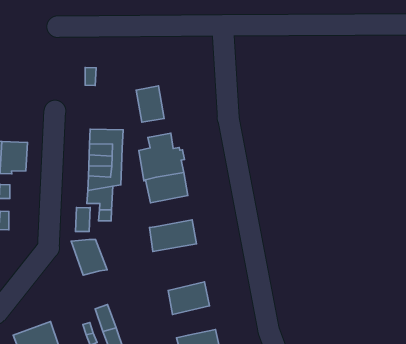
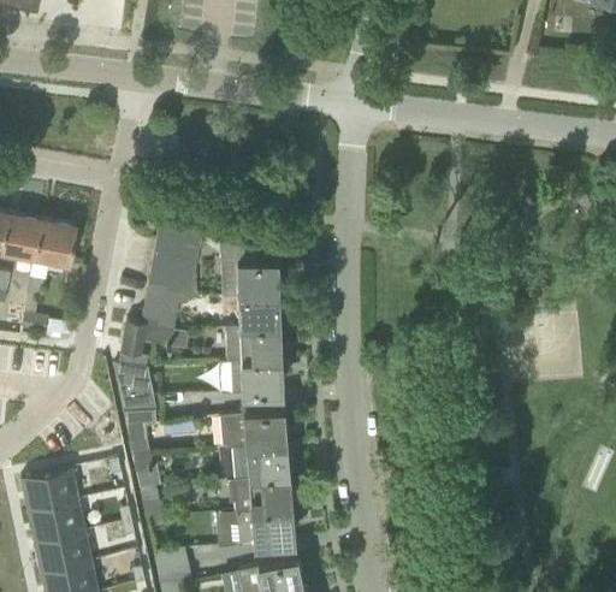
building: [136,86,164,122] -> none
building: none -> [227,328,279,363]
building: none -> [221,413,284,451]
building: none -> [125,412,152,461]
building: none -> [235,478,290,514]

